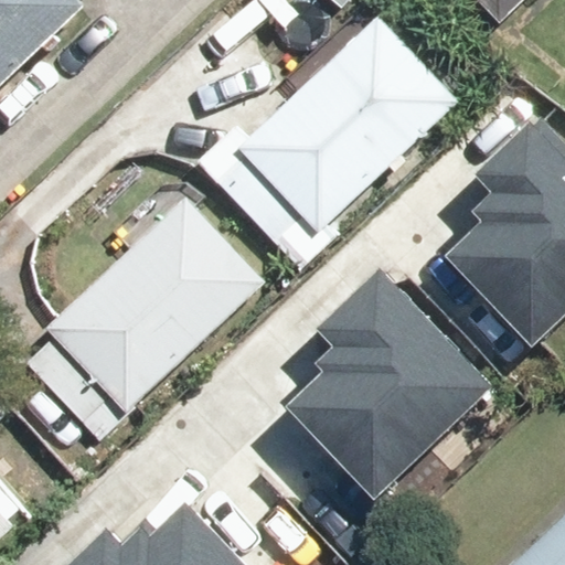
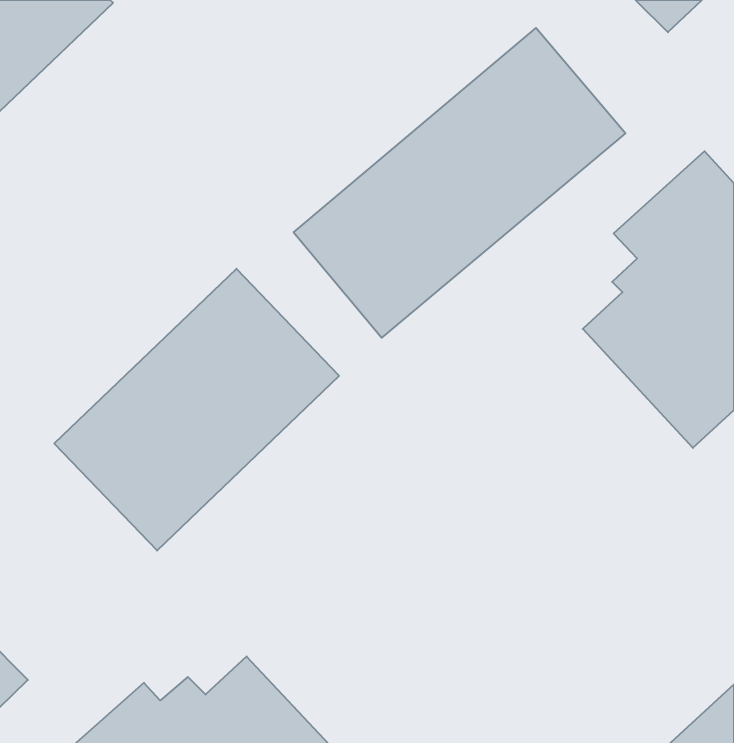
building: [291,263,491,487] -> none

